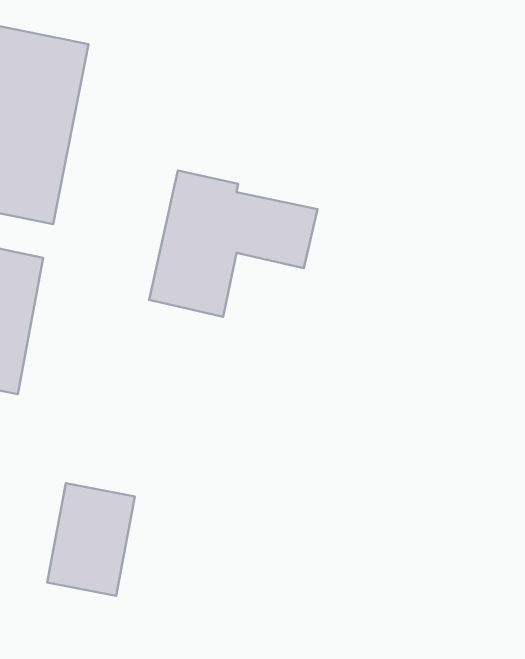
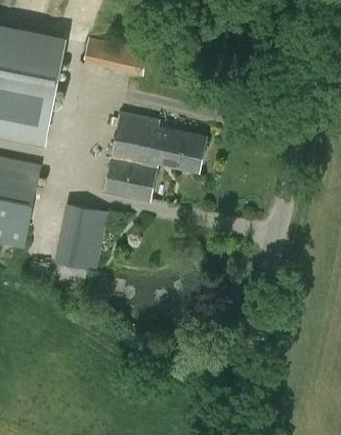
building: none -> [83,38,146,76]
building: [47,483,135,596] -> [54,202,108,271]

